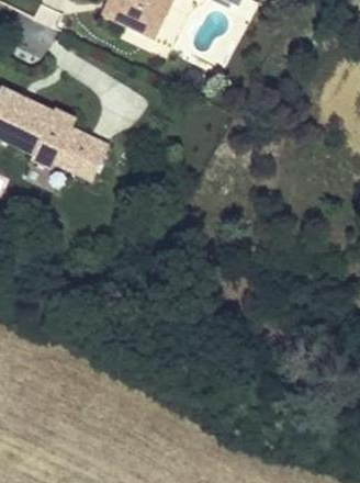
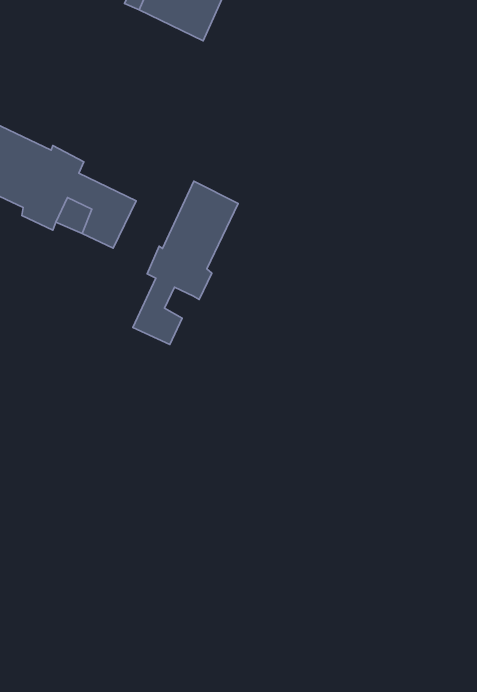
building: none -> [133,181,238,345]

